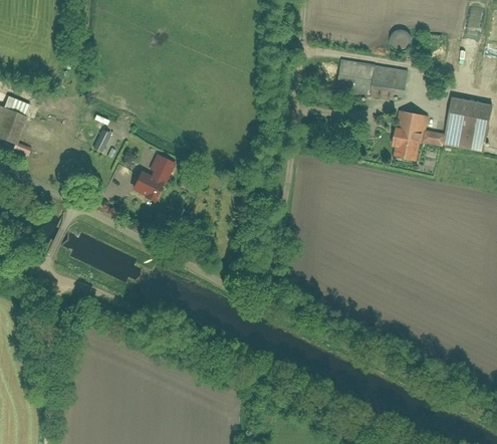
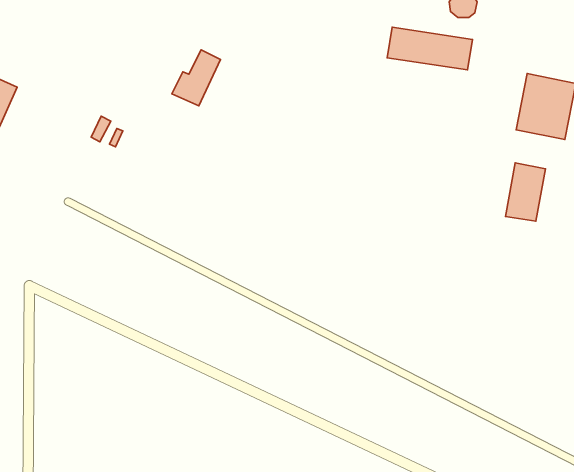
building: [394,112,427,160] -> [505,163,546,221]
building: [133,156,173,202] -> [172,50,221,106]

